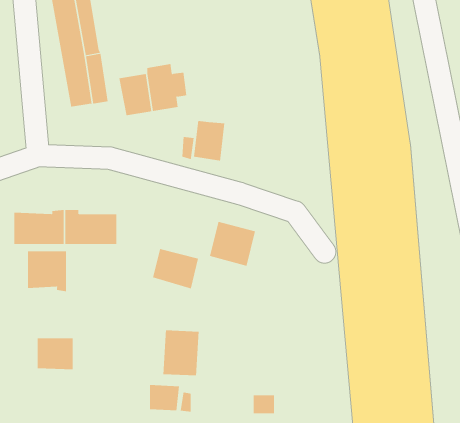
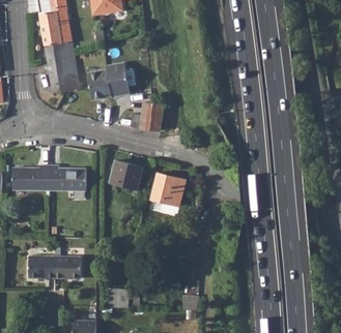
building: [152,248,199,289] -> [110,160,143,189]
building: [28,250,67,292] -> none
building: [163,330,199,376] -> none
building: none -> [55,256,81,279]

